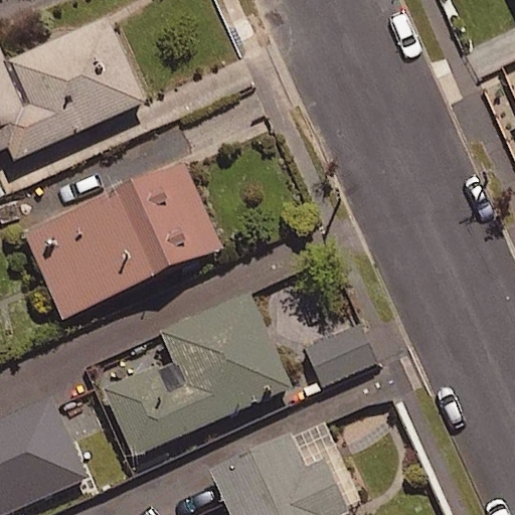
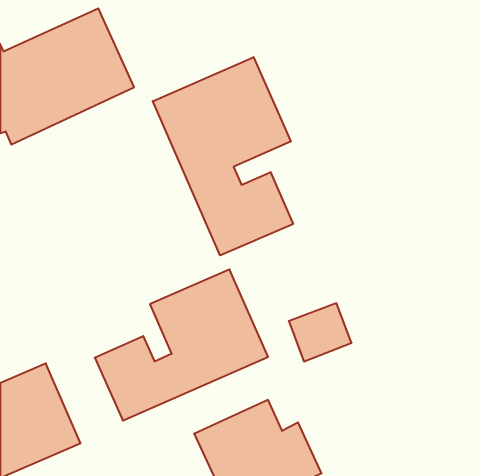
building: none -> [153,57,293,255]
building: [23,163,221,318] -> none

